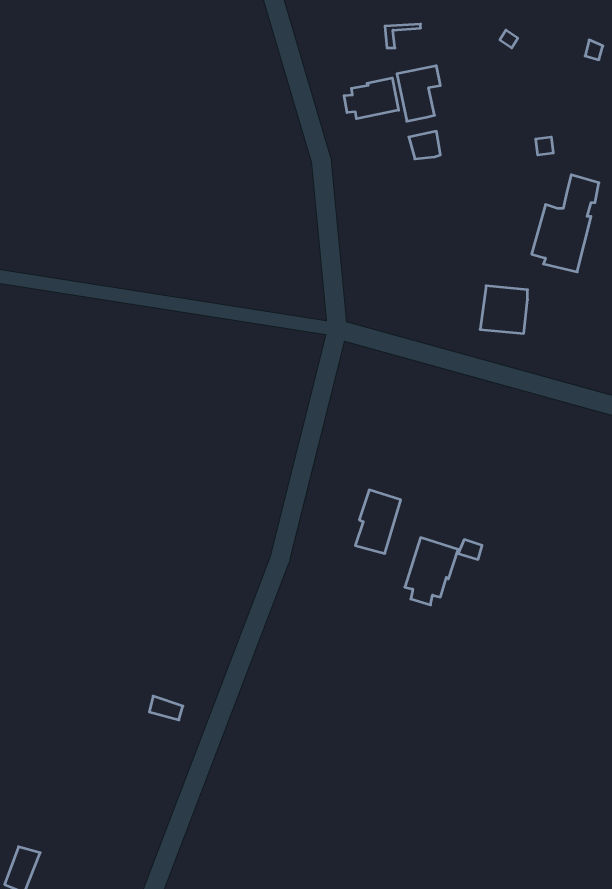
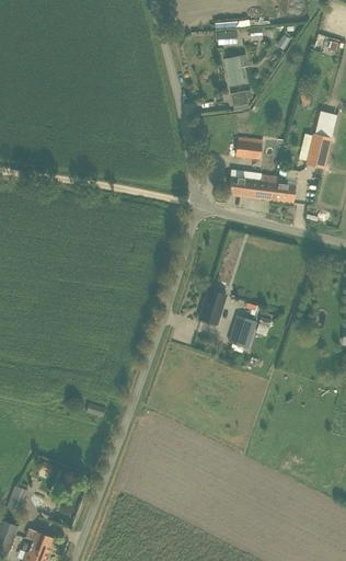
building: [344,78,399,119] -> none
building: none -> [234,136,262,158]
building: none -> [228,173,273,199]

